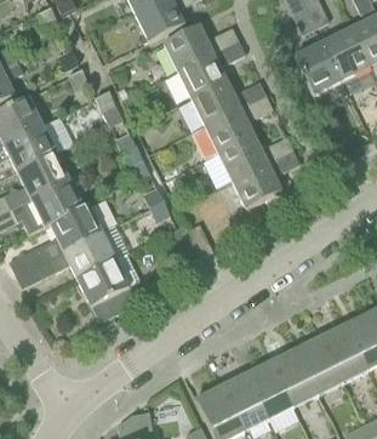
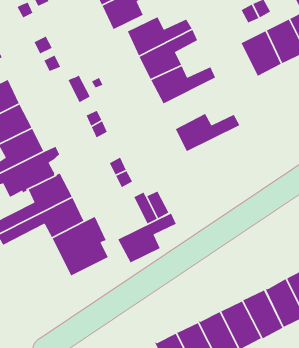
building: [193,96,273,160] -> none
building: [232,150,299,209] -> [117,213,177,264]

